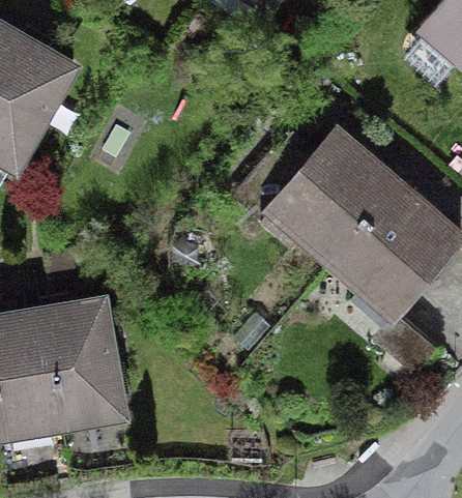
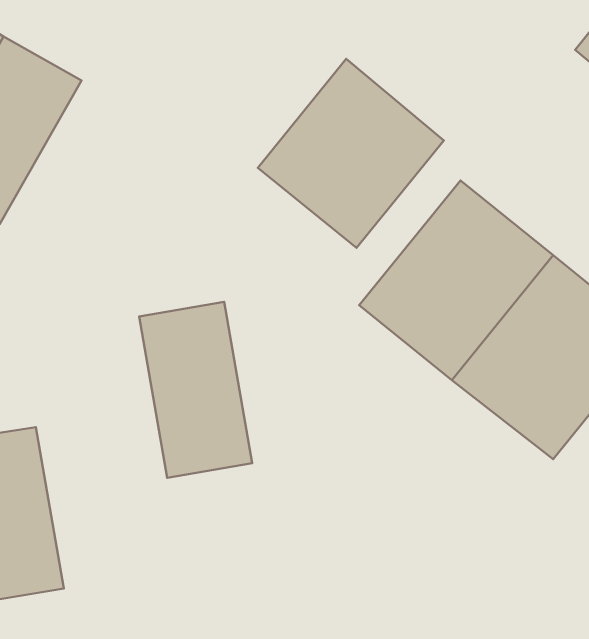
building: none -> [258,59,444,248]
building: [41,296,121,420] -> [139,302,252,478]

